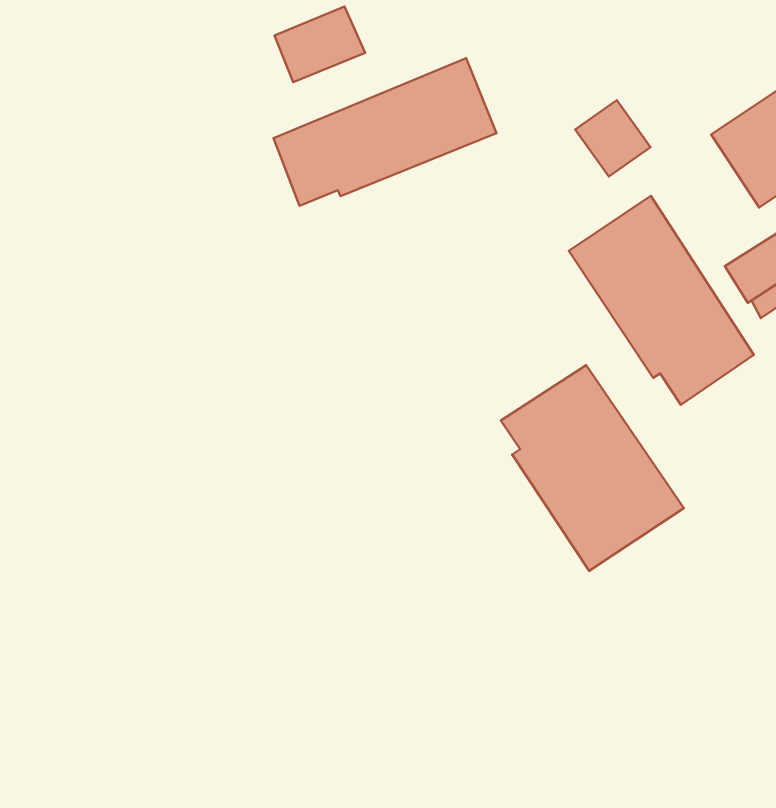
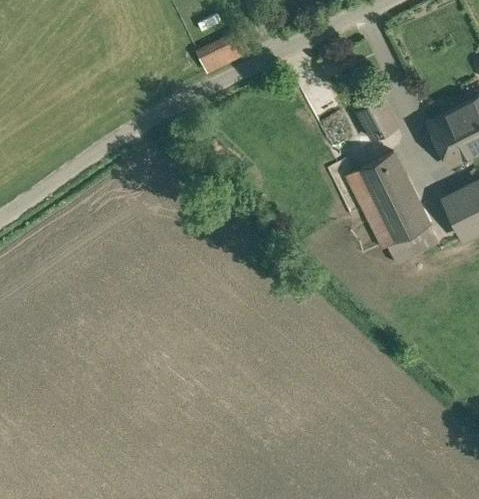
building: [274,58,496,206] -> none
building: [501,365,684,571] -> none

